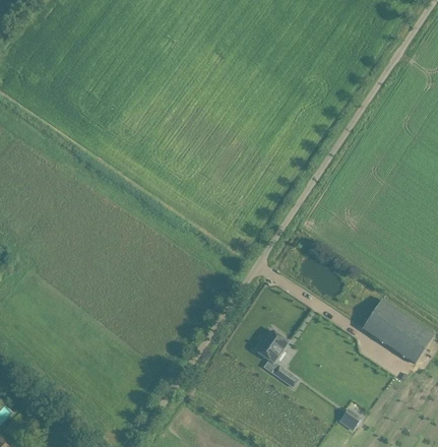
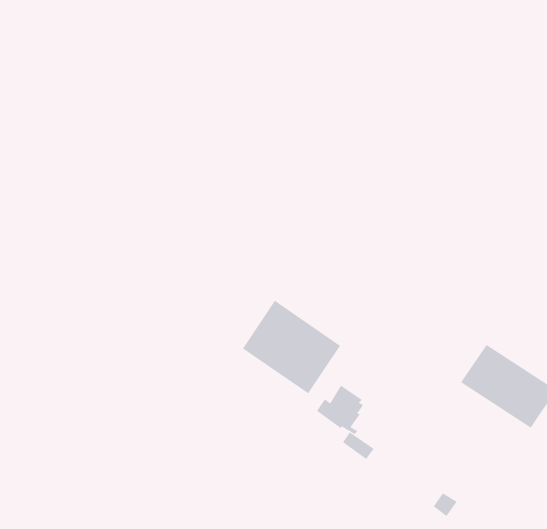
building: none -> [242,300,341,394]

